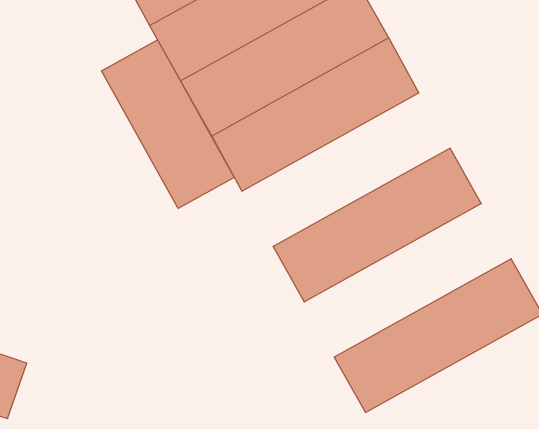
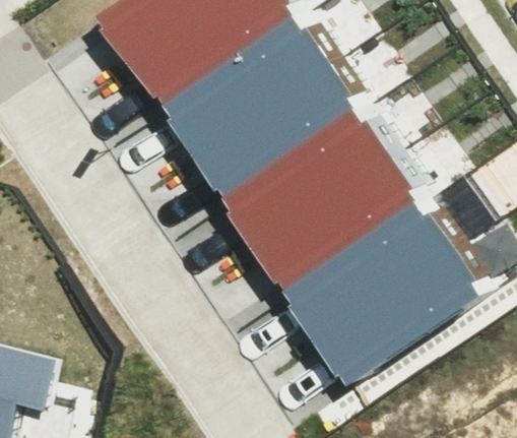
building: [102,40,234,208] -> none
building: none -> [225,101,403,246]
building: none -> [288,192,465,337]

